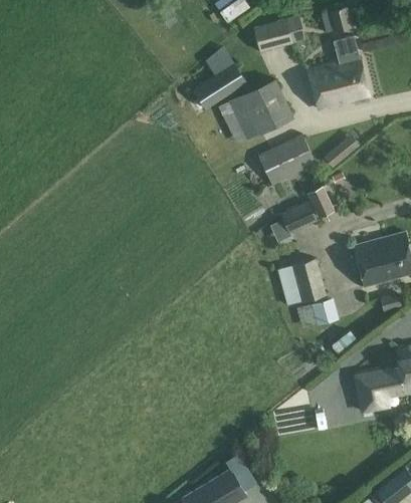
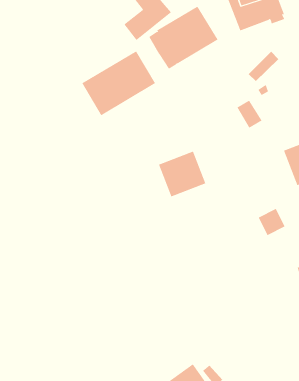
building: none -> [82,50,156,116]
building: [257,135,316,185] -> none
building: [280,202,317,234] -> none
building: [276,258,327,306] -> [158,151,206,197]

